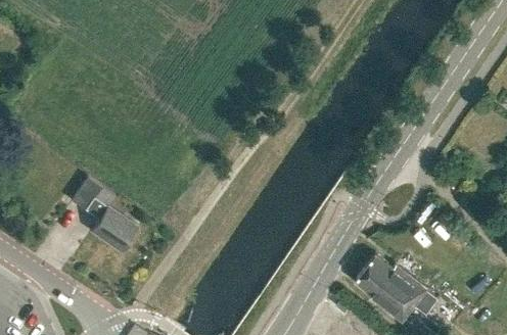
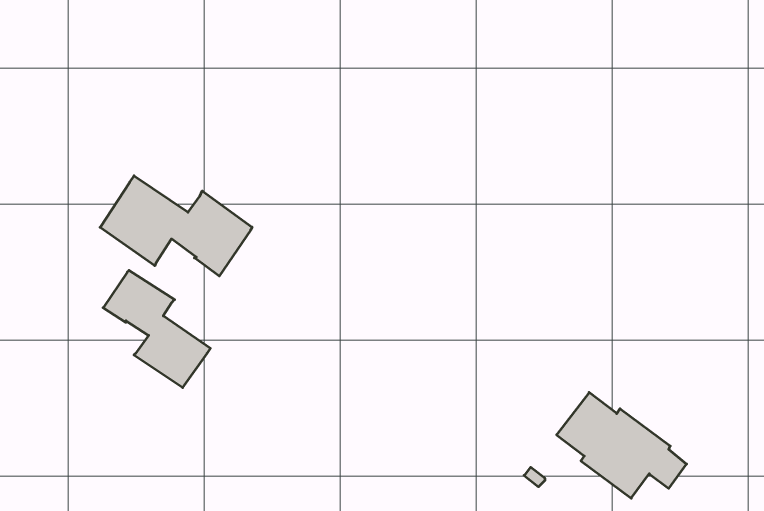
building: none -> [100,176,252,276]

